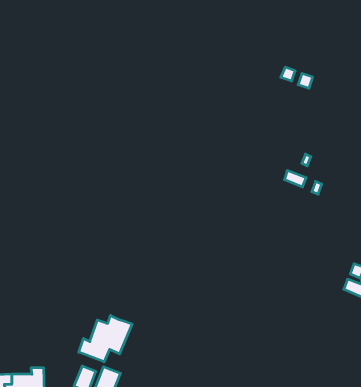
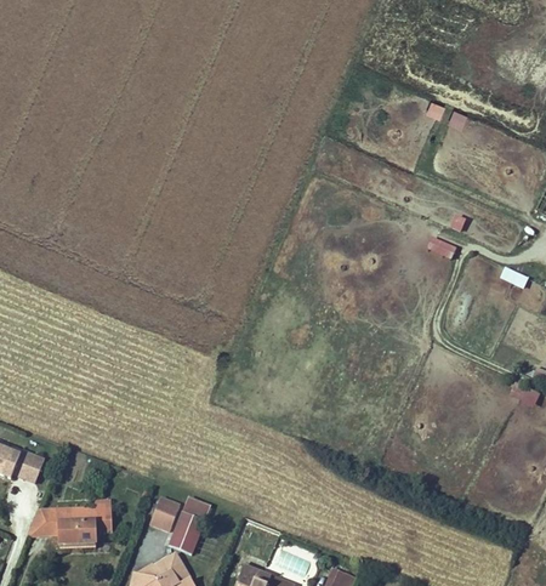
building: [79,315,132,362] -> none

